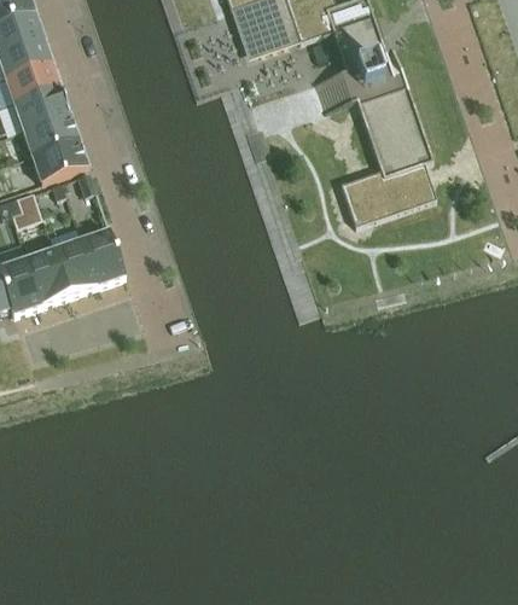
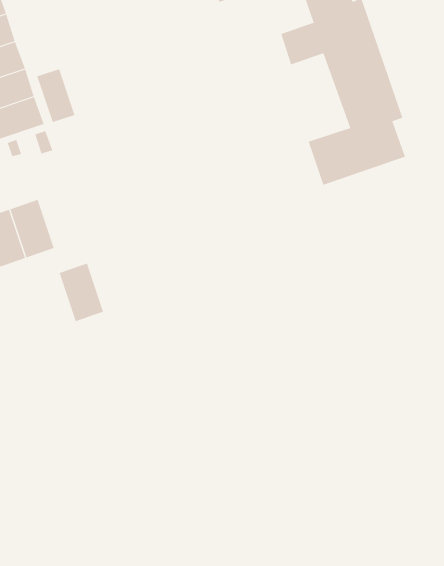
building: none -> [37,68,75,123]
building: [81,229,124,286] -> [59,263,104,322]

